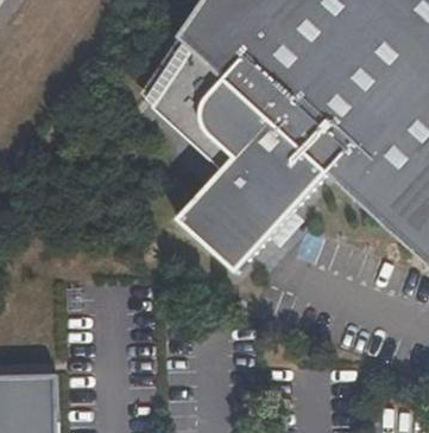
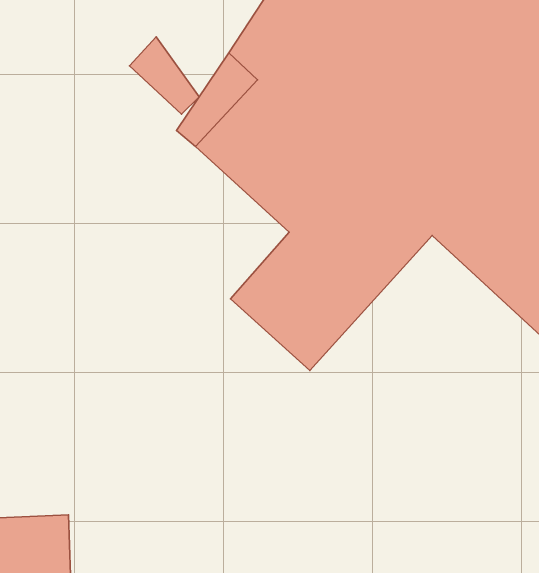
building: none -> [130,37,199,114]

